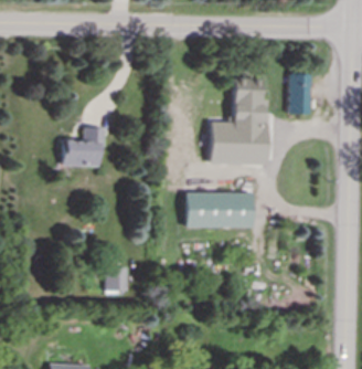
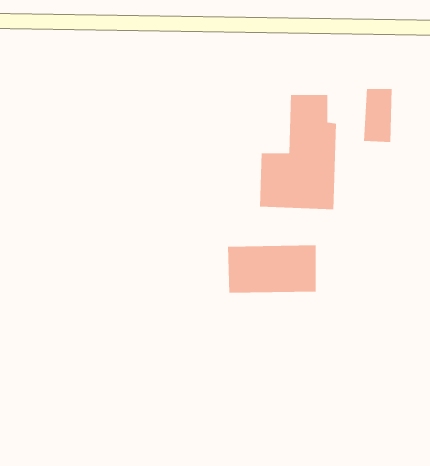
building: [63,126,103,166] -> none
building: [106,267,129,292] -> none

